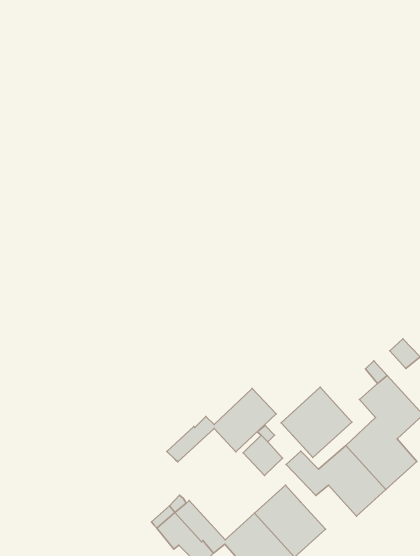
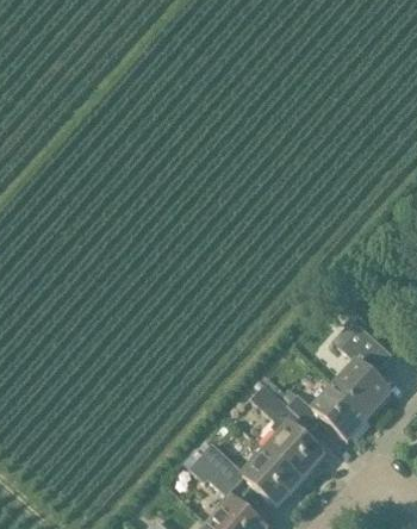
building: [281,387,352,458] -> none
building: [167,388,276,462] -> none

